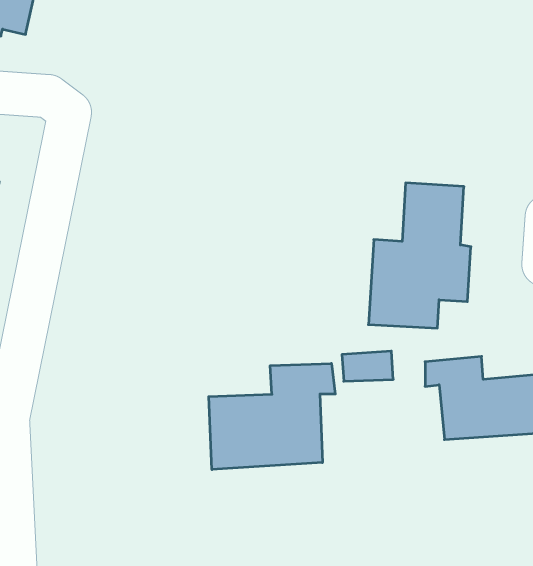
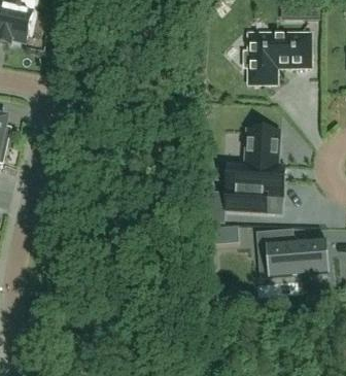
building: none -> [245,33,311,82]
building: [209,363,335,470] -> none

